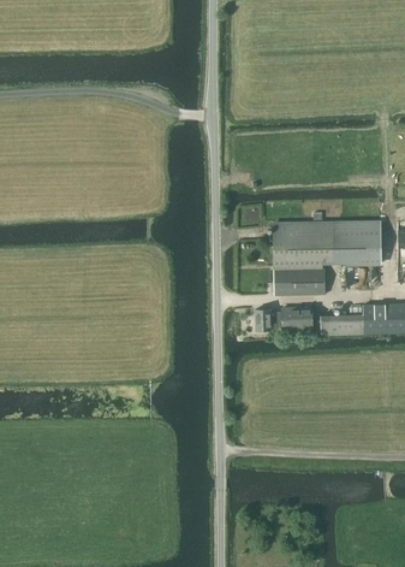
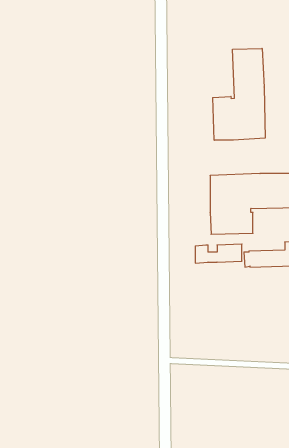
building: none -> [213,48,265,140]

